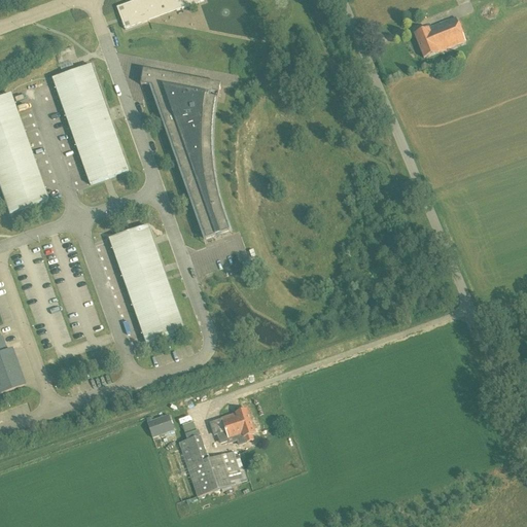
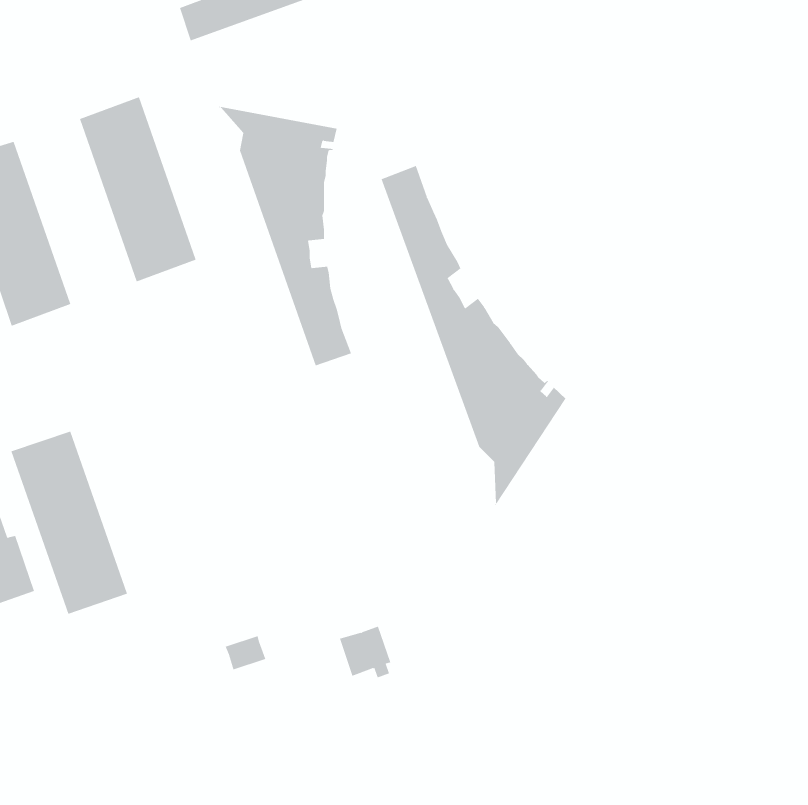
building: [414,14,464,56] -> none
building: none -> [381,165,566,506]
building: [108,223,184,343] -> [11,431,128,614]
building: [178,434,246,495] -> none

